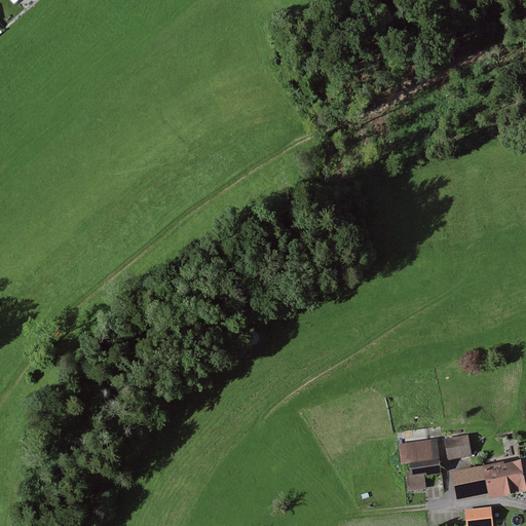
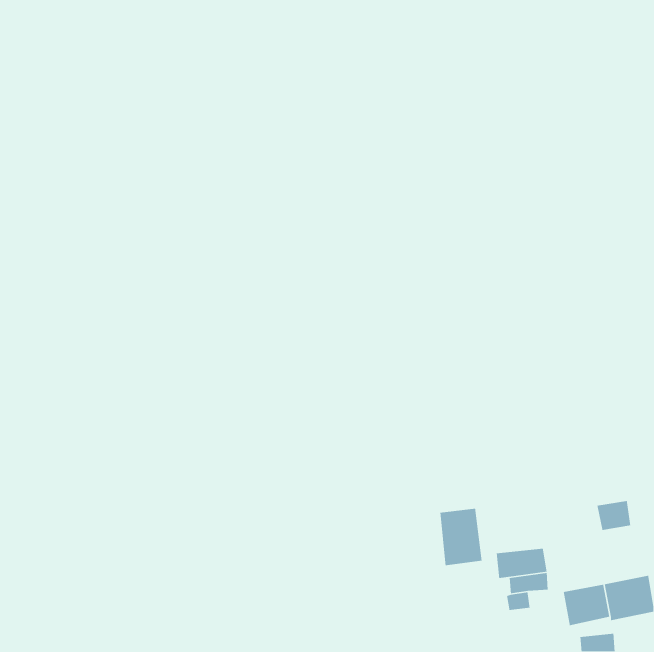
building: none -> [439,508,482,566]
building: [448,433,476,457] -> [597,500,631,531]

